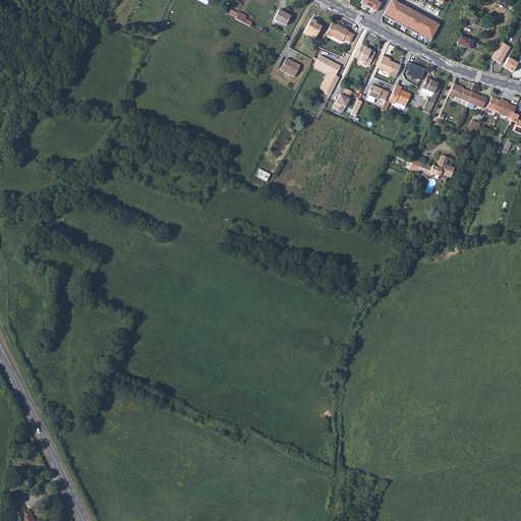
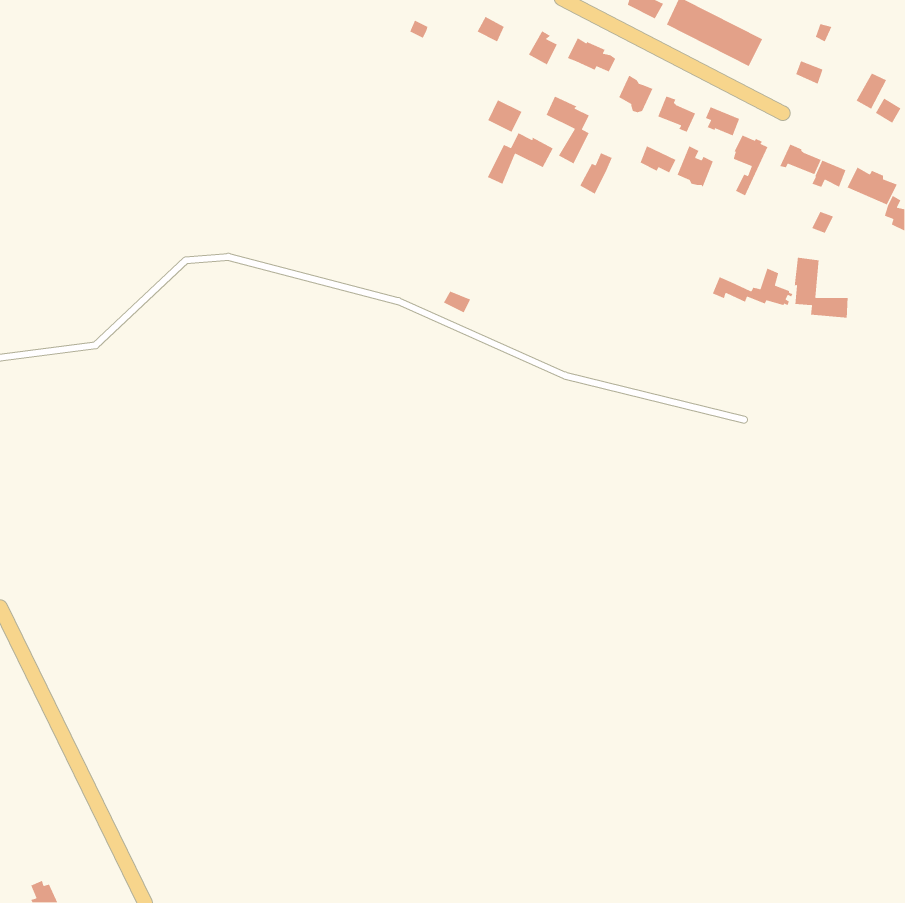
building: none -> [487,132,554,185]
building: none -> [794,257,849,319]

